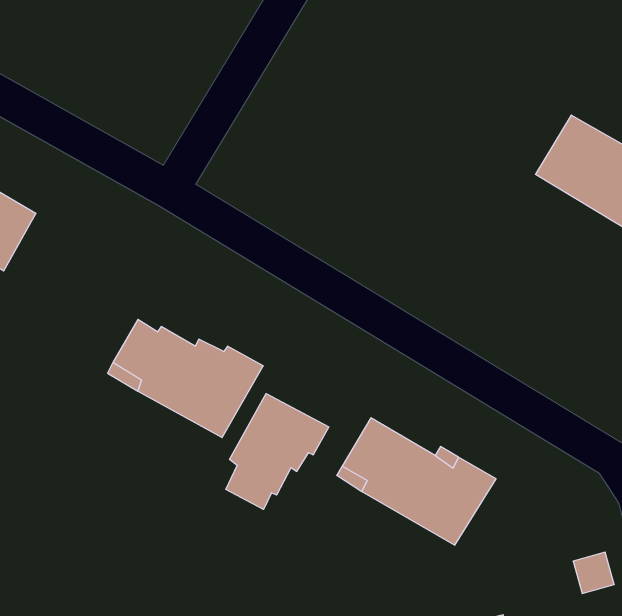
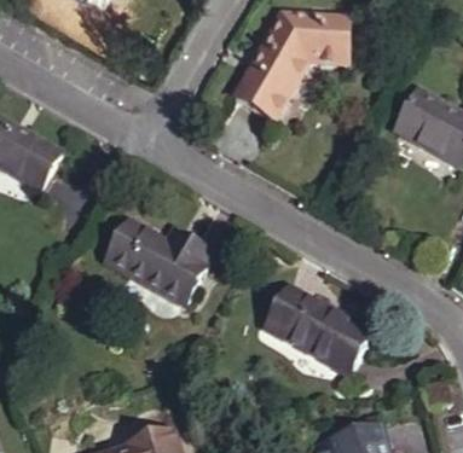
building: none -> [235,14,348,121]
building: [226,394,329,509] -> none

